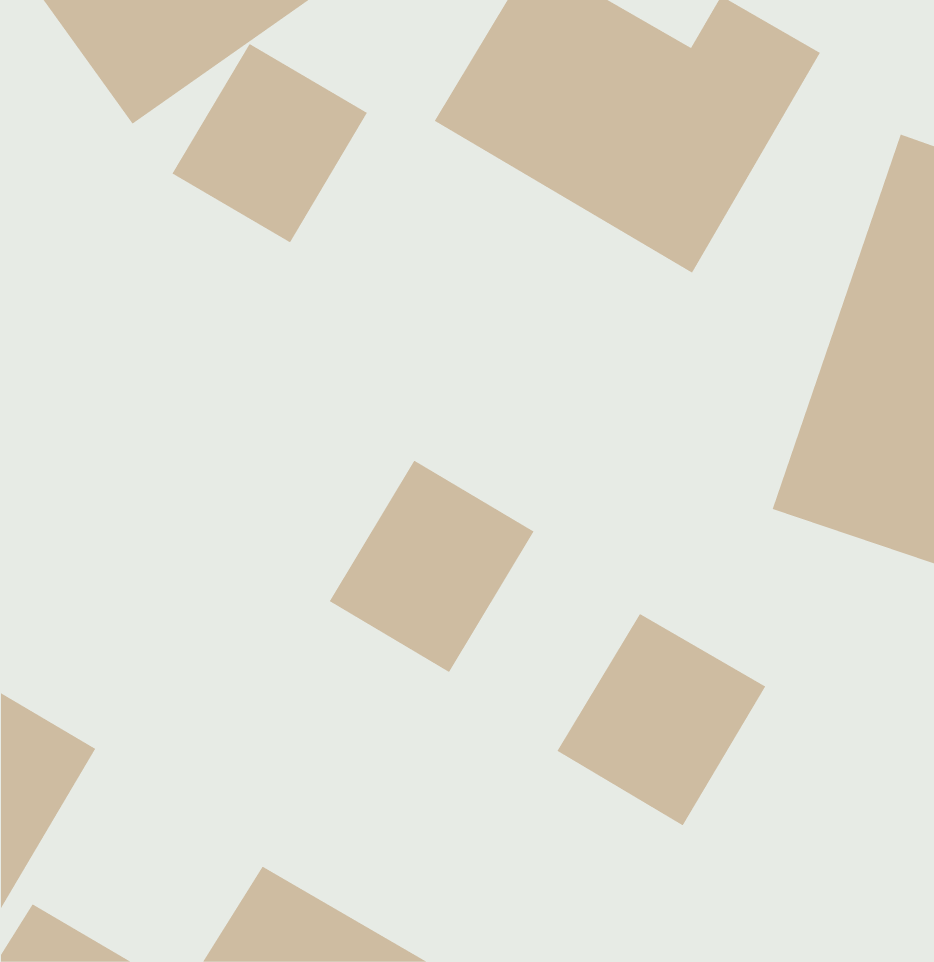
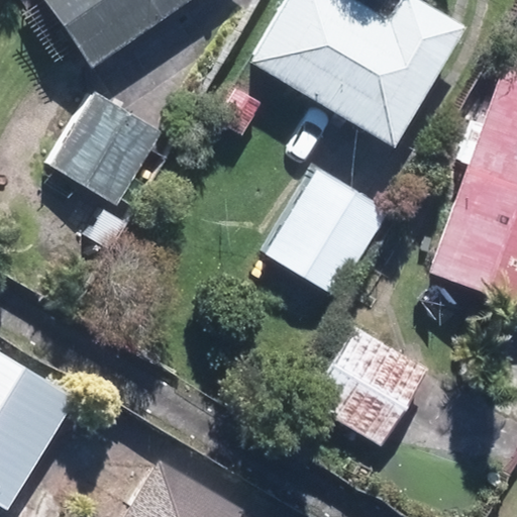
building: [172,43,368,243] -> [55,96,160,203]
building: [329,460,534,673] -> [273,175,383,289]

